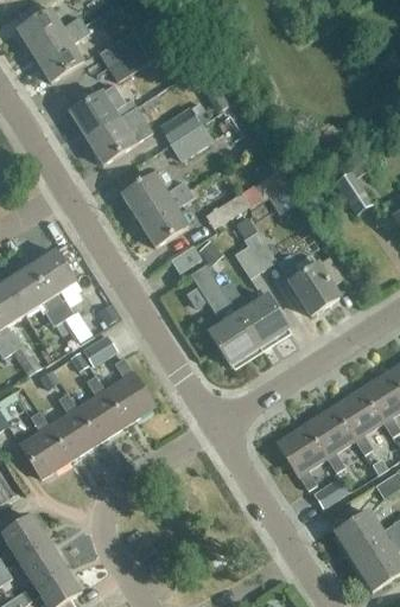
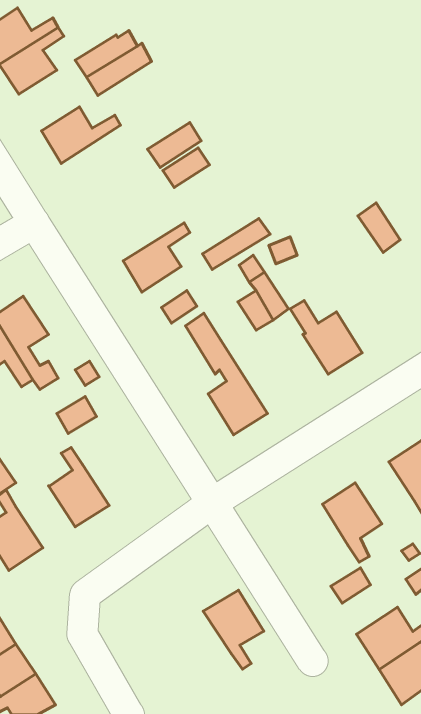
building: [87,106,153,164] -> none
building: [122,171,190,219] -> none
building: [221,279,290,347] -> none
building: [104,357,155,424] -> none
building: [334,388,383,454] -> none
building: [49,392,99,460] -> none
building: [277,423,328,490] -> [203,590,264,669]

